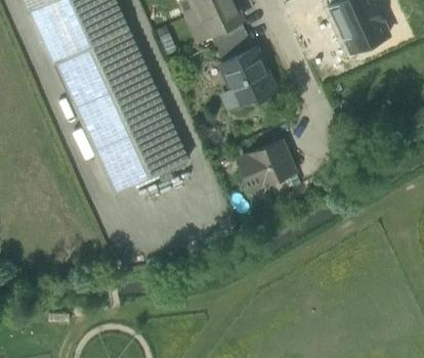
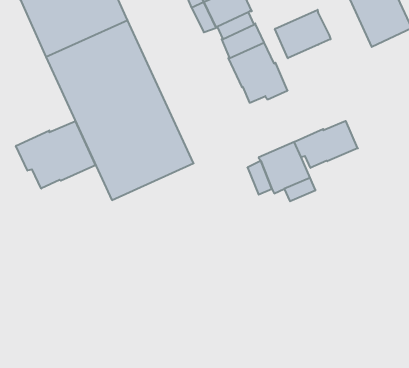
building: none -> [275,10,331,58]
building: none -> [294,121,358,168]
building: none -> [16,121,96,189]

